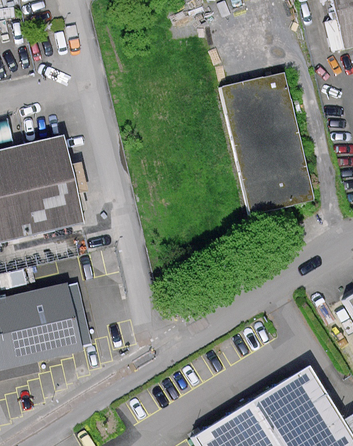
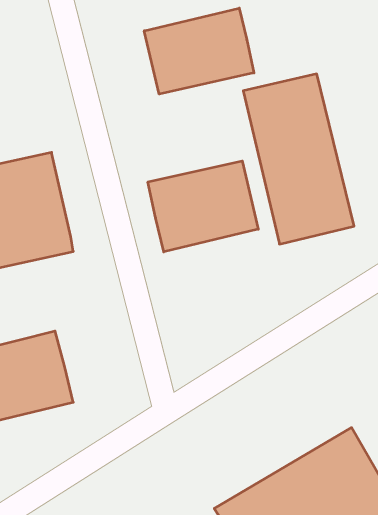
building: none -> [144,8,254,94]
building: none -> [148,161,258,252]

